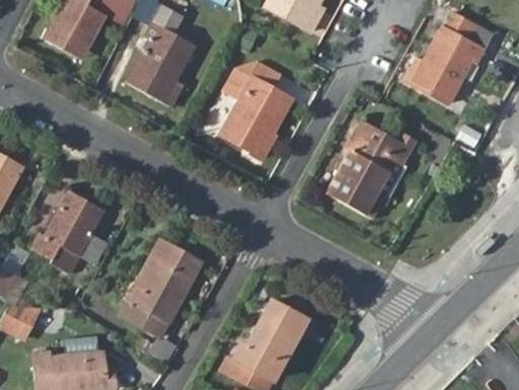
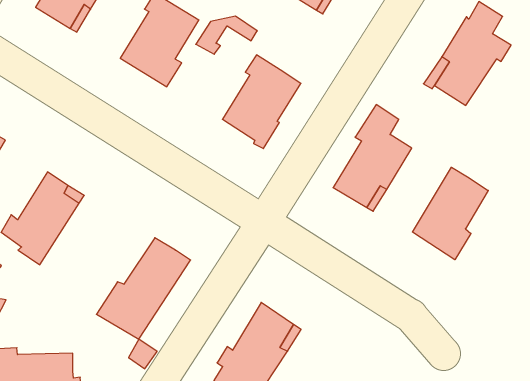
building: [224,65,279,100] -> [196,16,257,54]
building: none -> [412,167,488,260]

